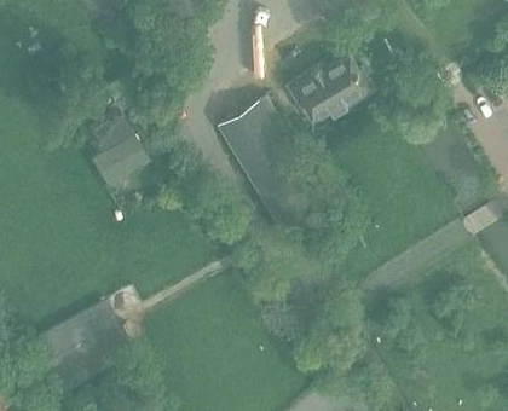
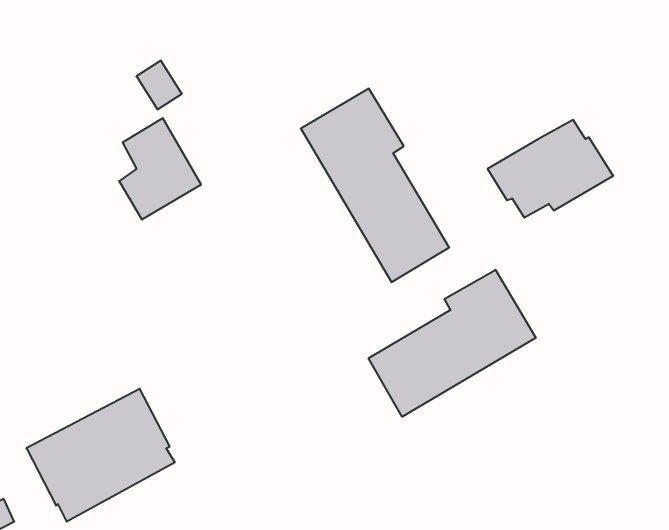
building: [287,51,374,118] -> [488,120,613,218]
building: none -> [369,270,536,417]

